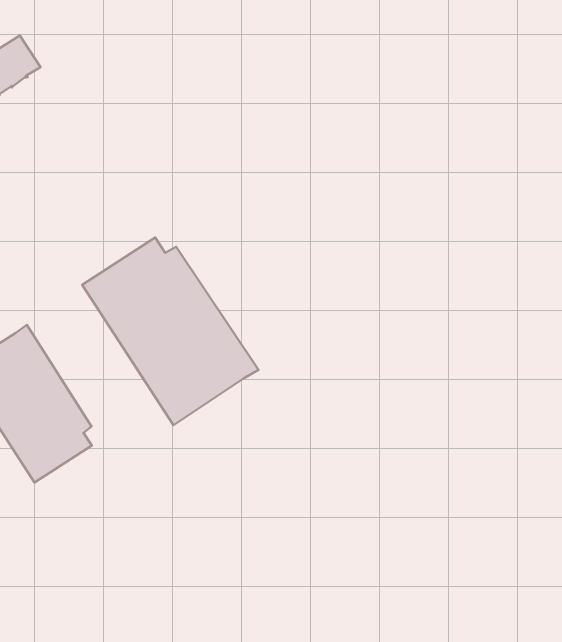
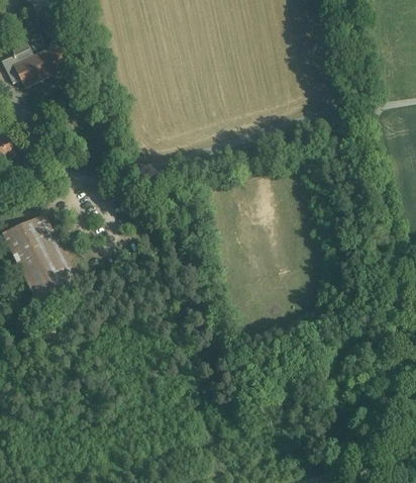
building: [82,237,259,425] -> none

